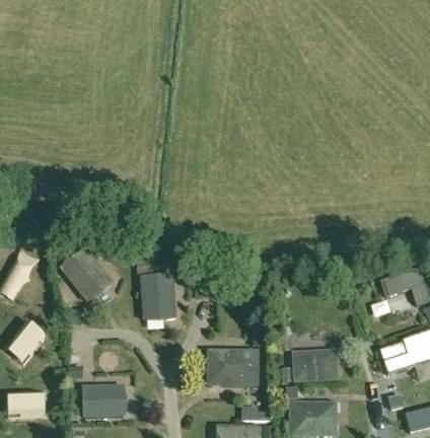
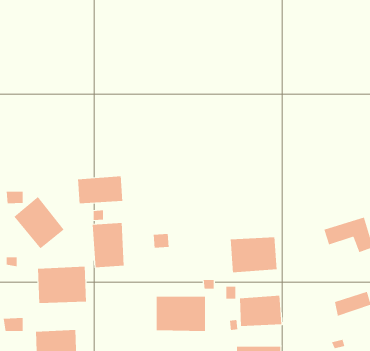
building: none -> [78,175,123,204]
building: none -> [230,236,277,273]
building: none -> [38,266,86,304]

